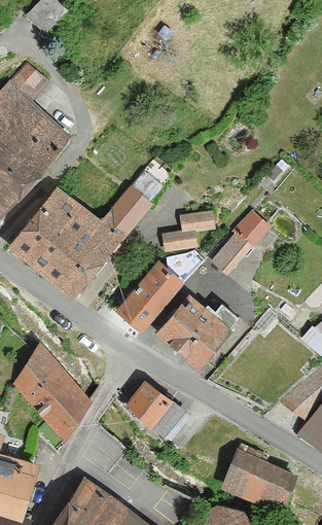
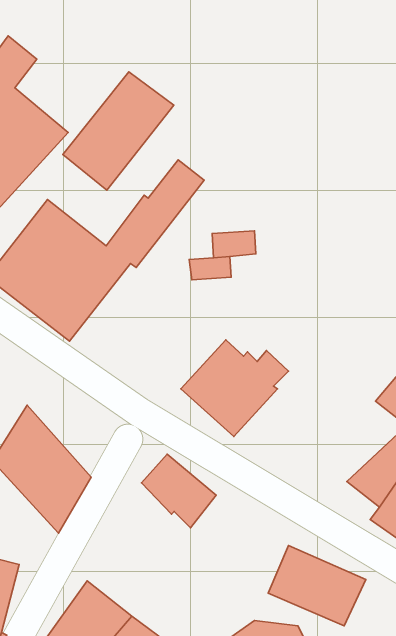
building: none -> [63,72,174,190]
building: [212,209,272,275] -> none
building: [118,251,204,330] -> none

